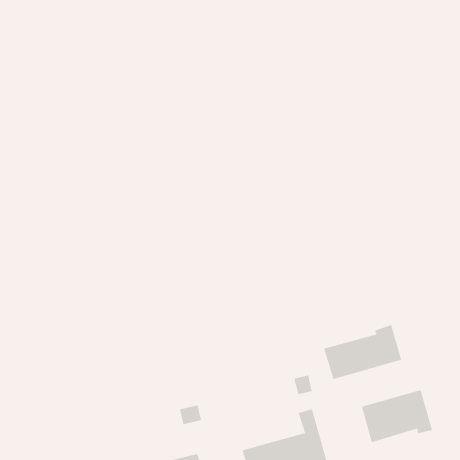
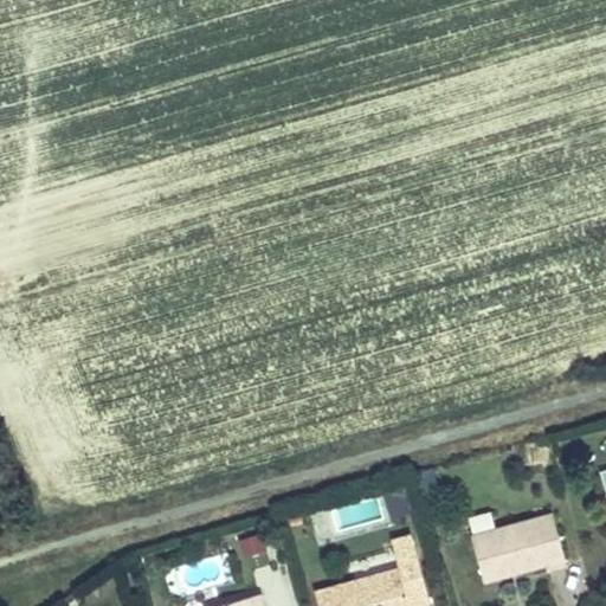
building: [324,324,402,380] -> none

